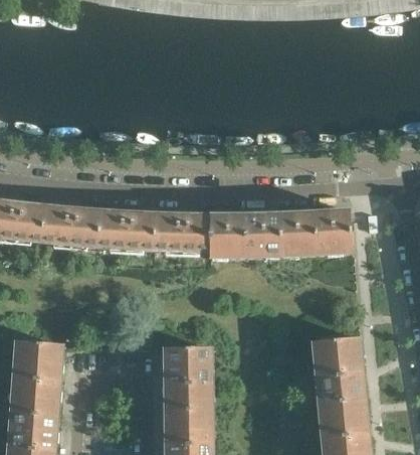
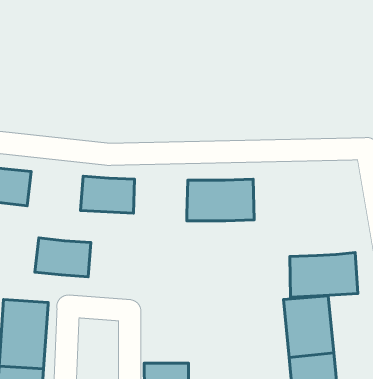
building: [40,204,99,246] -> [35,238,91,277]
building: [279,208,352,256] -> [290,253,358,297]
building: [153,212,210,250] -> none
building: [164,346,211,408] -> none

